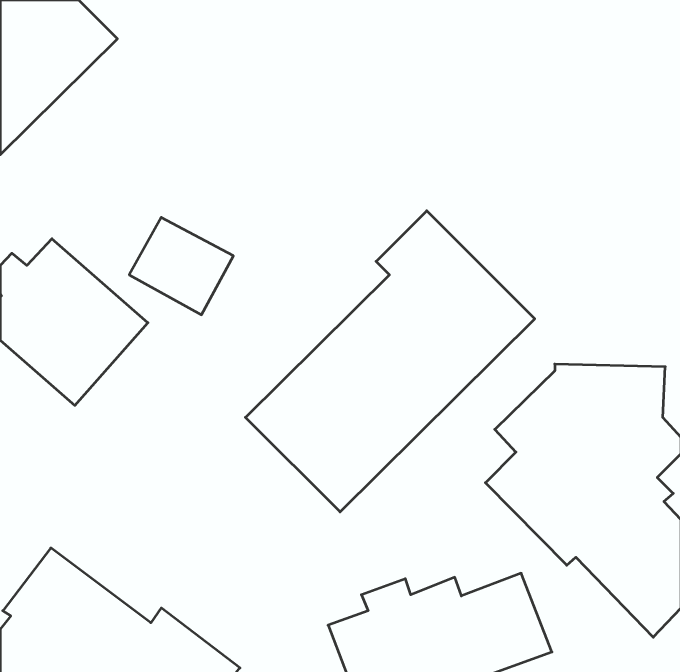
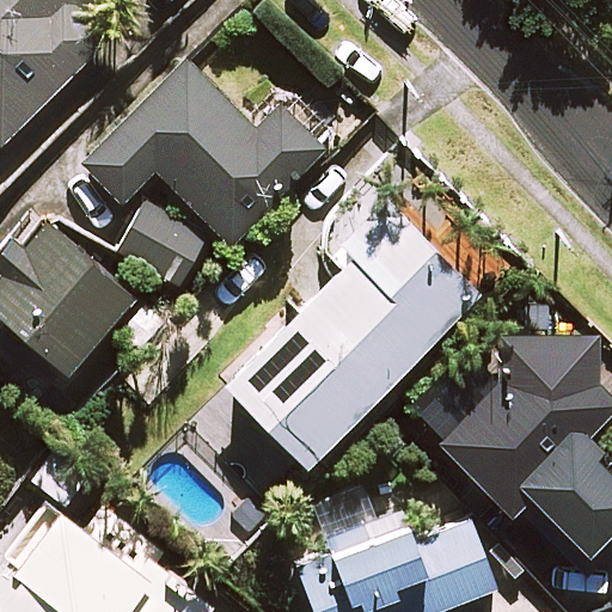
building: none -> [84,61,328,247]

